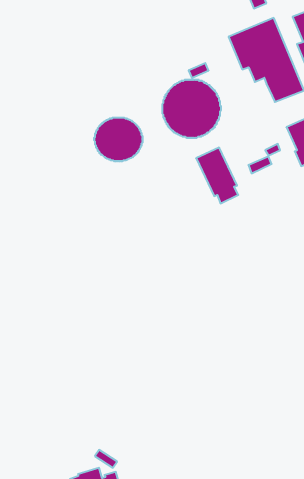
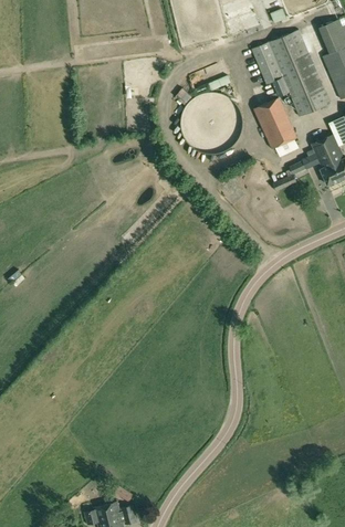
building: [94,118,142,161] -> none
building: [196,148,238,203] -> [254,98,299,157]

